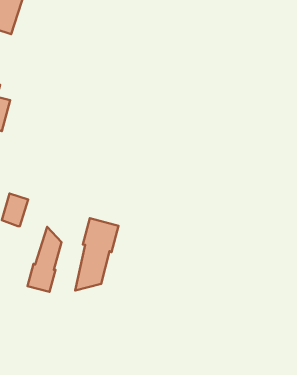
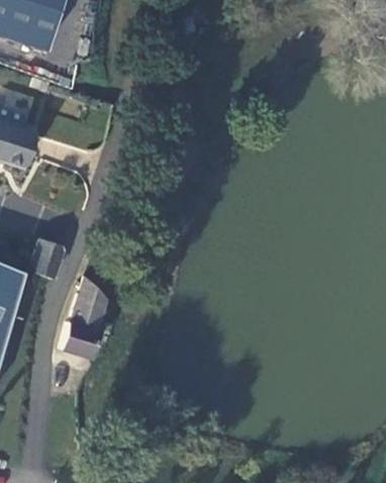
building: [75,218,119,291] -> none

